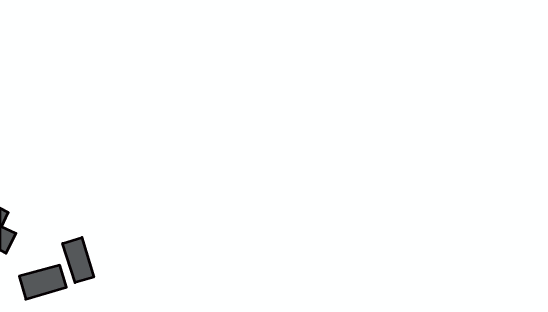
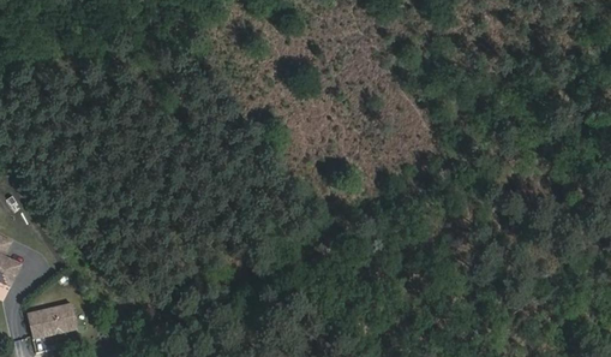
building: [63,237,94,283] -> none

